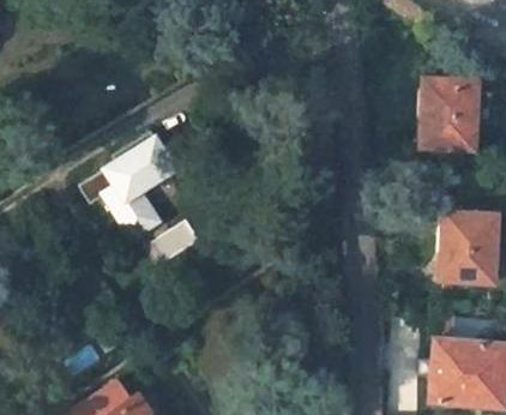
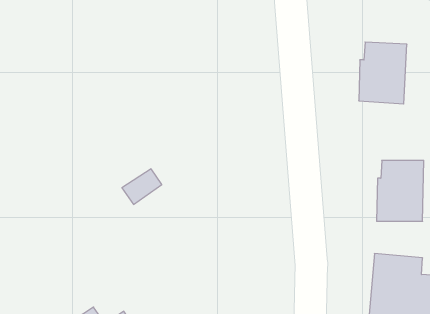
building: [82,132,177,235] -> none

